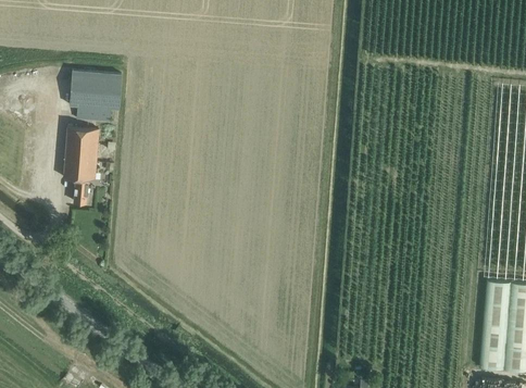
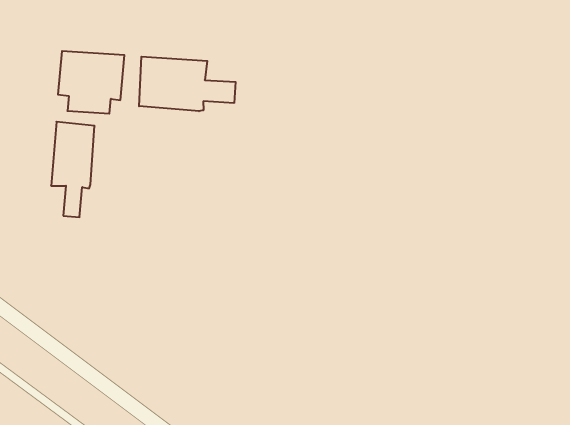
building: none -> [139,57,236,111]

